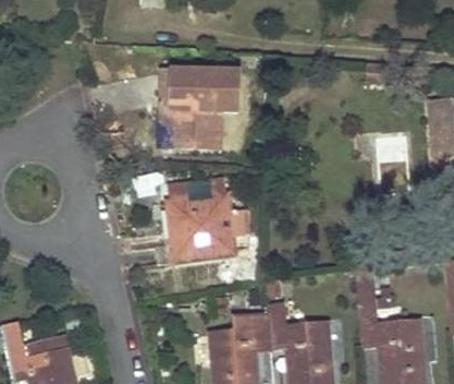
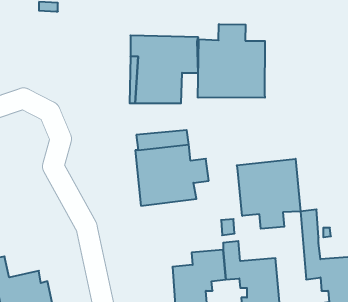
building: none -> [198,24,265,98]
building: none -> [237,159,300,229]

